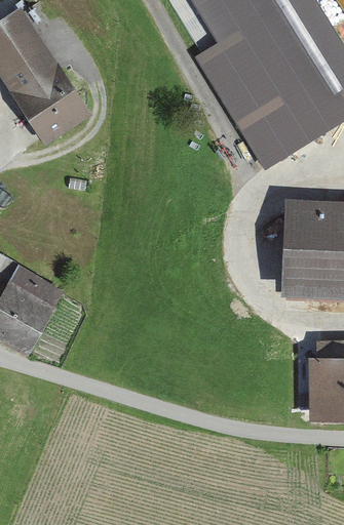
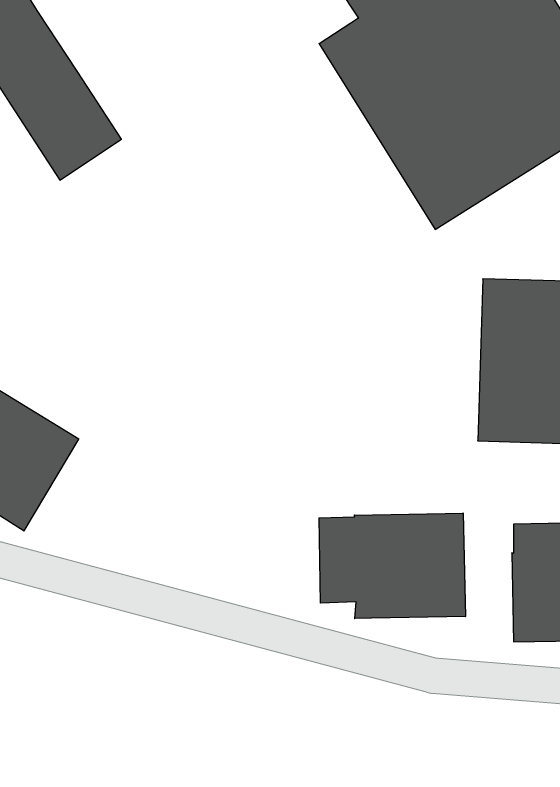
building: none -> [319,513,465,619]

